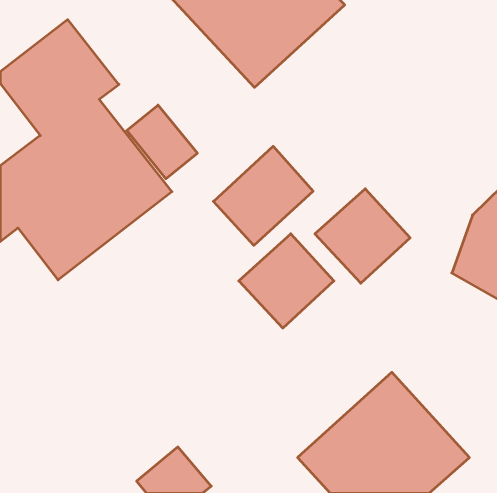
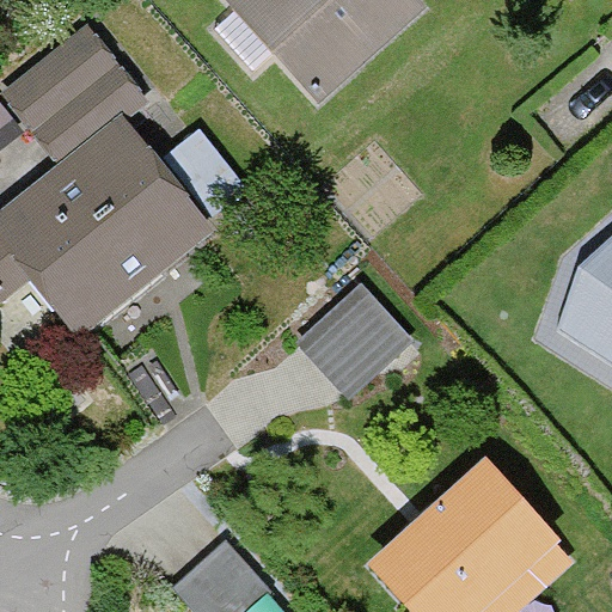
building: [213,146,313,245] -> none
building: [315,189,410,283] -> none

